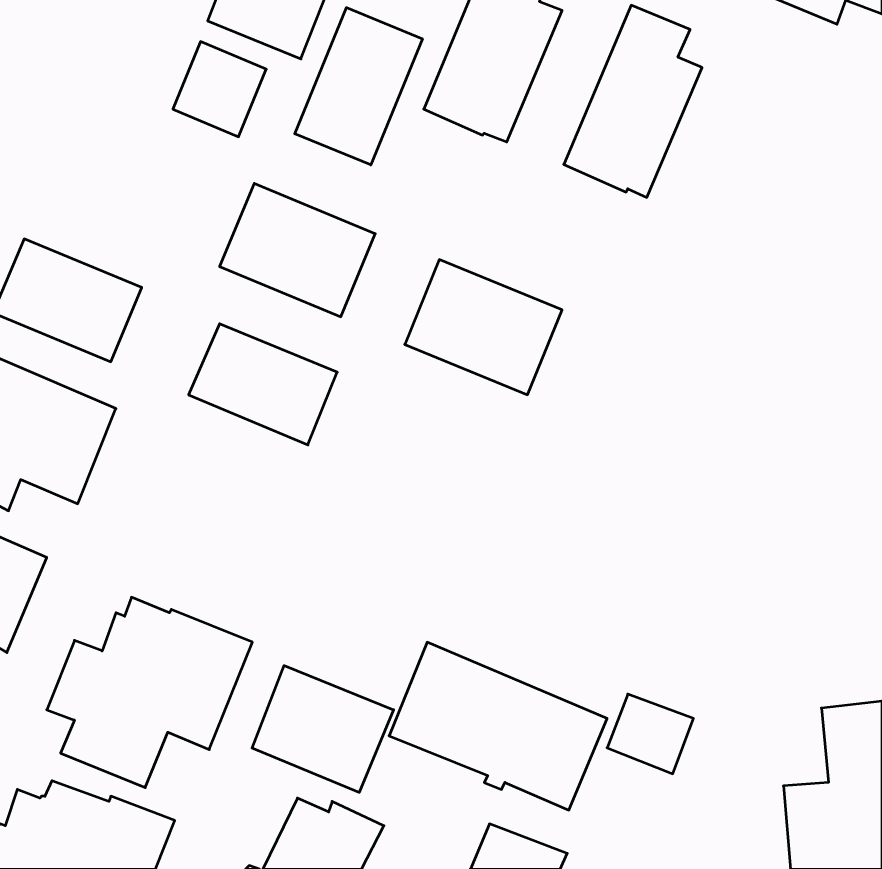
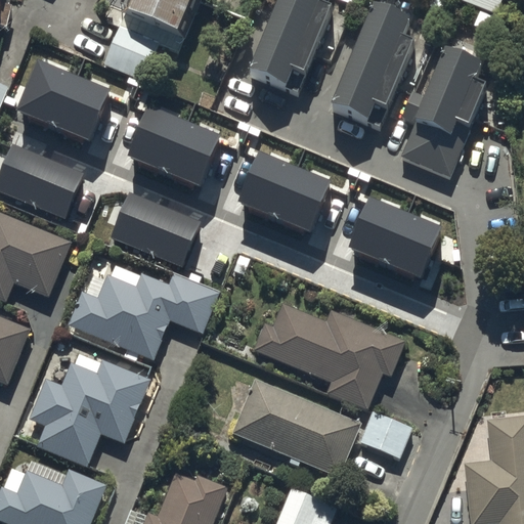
building: [295,8,422,165] -> none
building: none -> [402,47,488,166]
building: none -> [19,62,112,142]
building: none -> [350,200,443,279]
building: none -> [68,264,219,360]
building: none -> [252,305,404,411]
building: [252,666,394,792] -> none

